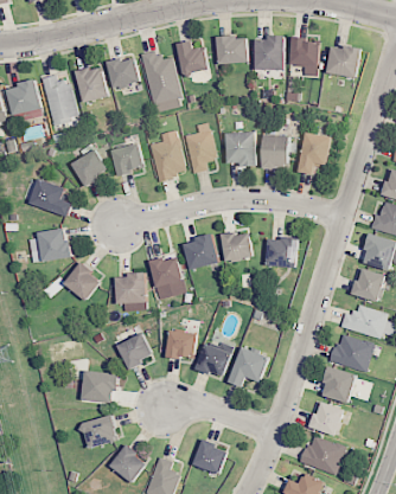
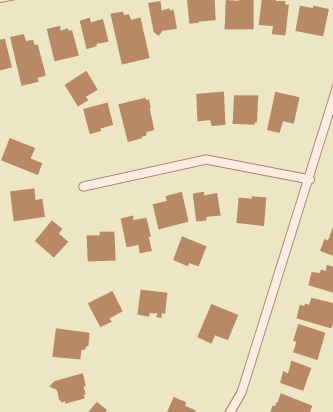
building: [183,130,216,173] -> none
building: [71,148,107,186] -> [63,70,99,107]
building: [196,344,231,376] -> [172,235,207,267]

